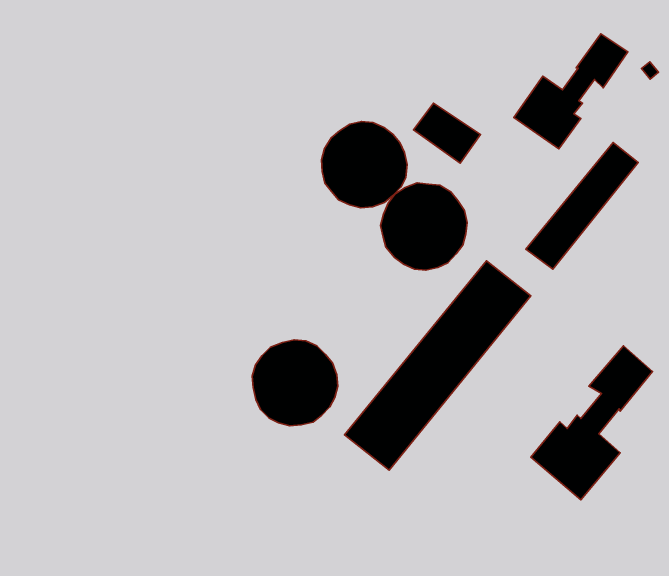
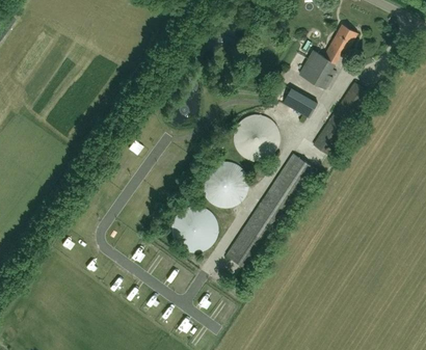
building: [414,103,480,163] -> [282,87,318,118]
building: [321,121,407,208] -> [202,161,248,208]
building: [531,346,653,500] -> none

